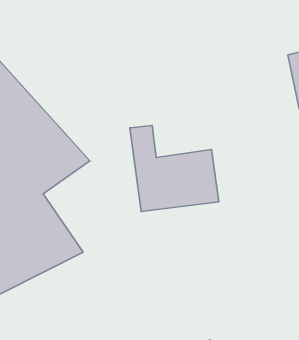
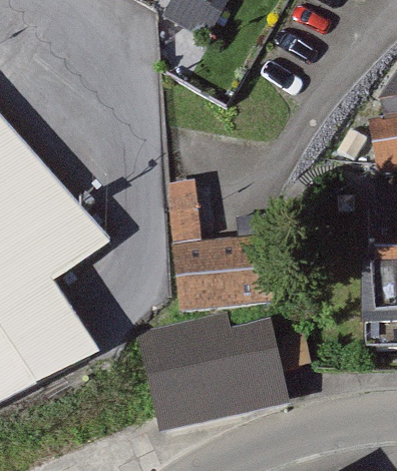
building: none -> [136,311,284,426]

